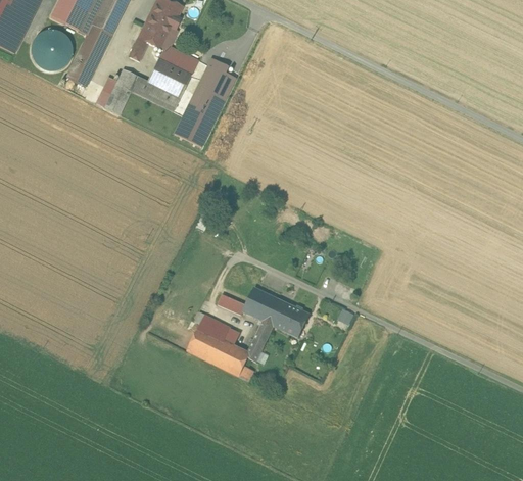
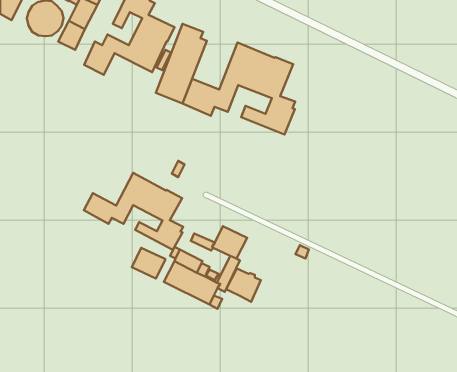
building: none -> [183,42,295,135]
building: none -> [84,173,183,250]
building: [270,300,310,338] -> [226,269,261,302]
building: none -> [132,248,165,278]

